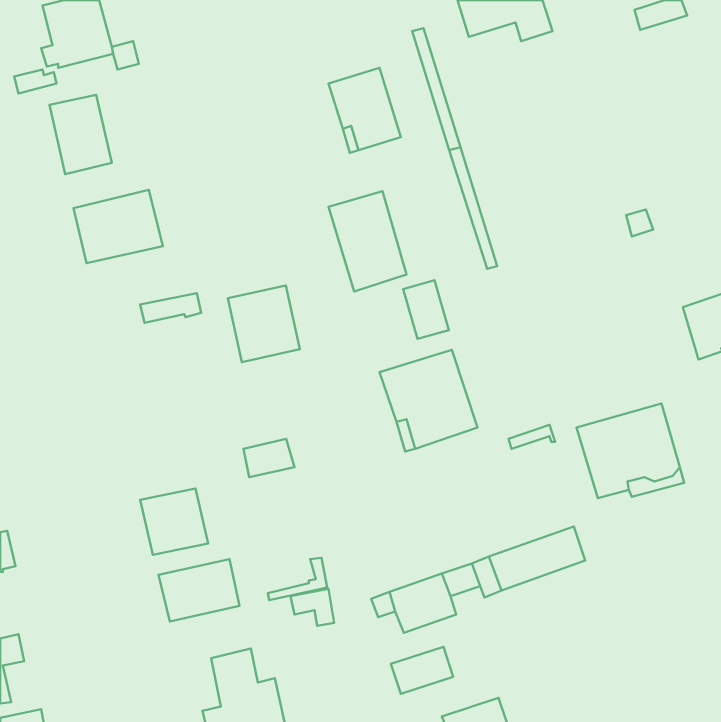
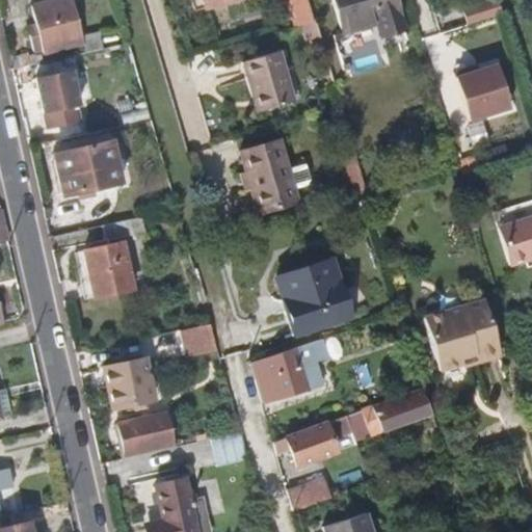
building: none -> [457,62,513,119]
building: [403,280,449,339] -> none
building: [228,286,300,362] -> [81,242,134,298]
building: none -> [251,340,327,401]

